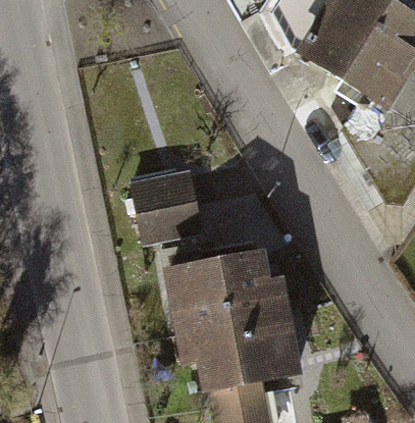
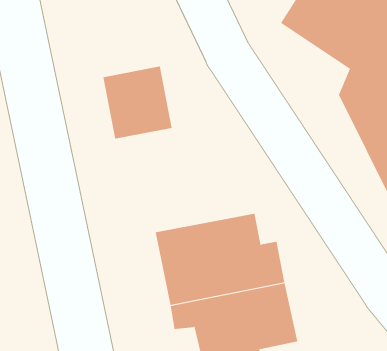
building: [132,161,203,235] -> [102,66,173,139]

